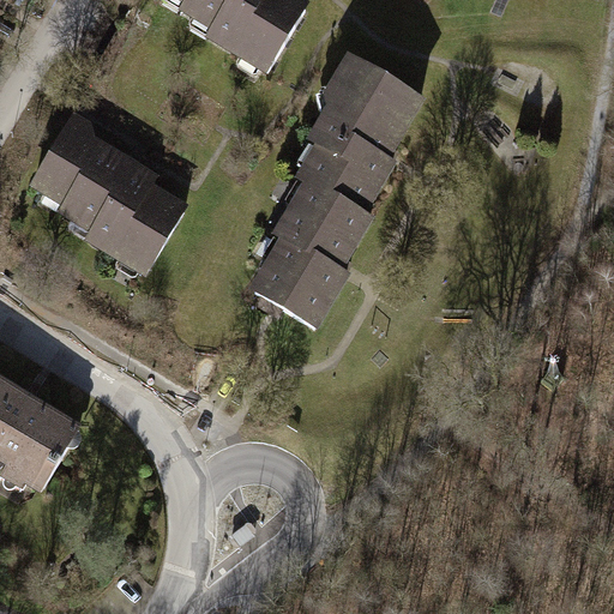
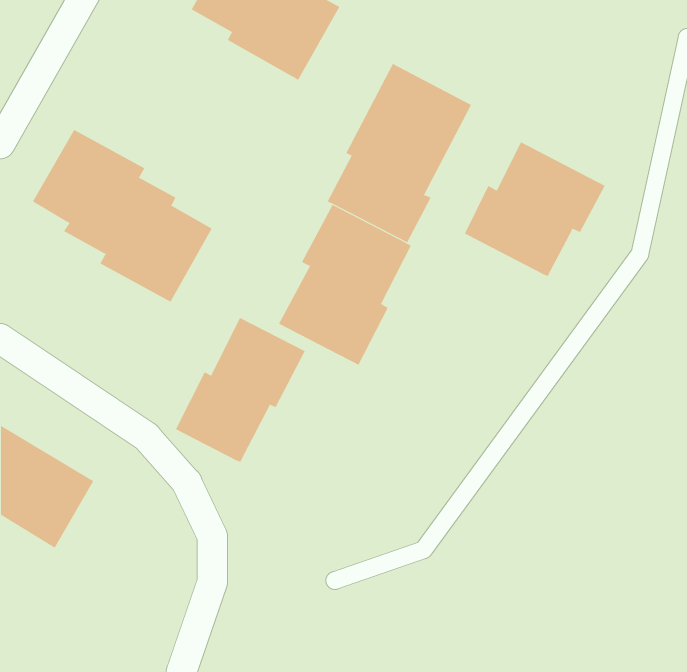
building: none -> [464,141,605,277]
building: none -> [175,317,306,462]

